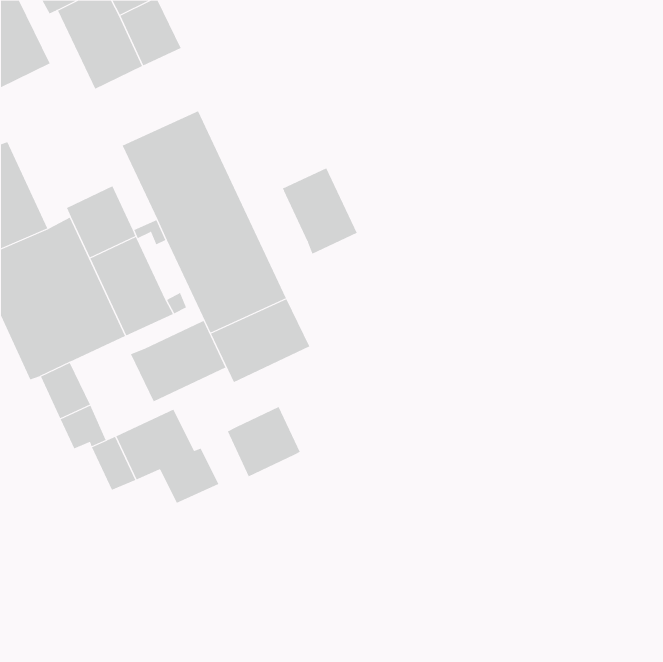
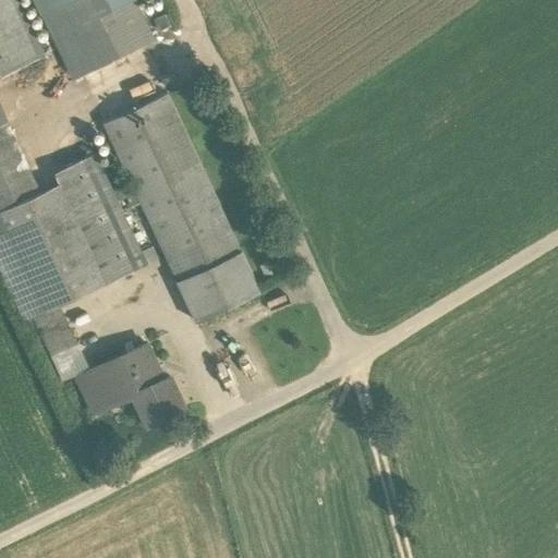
building: [282,168,357,255] -> none
building: [130,320,226,402] -> none
building: [227,406,300,477] -> none

